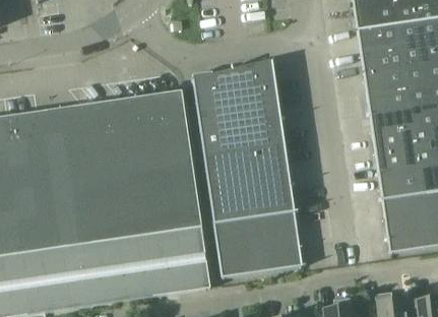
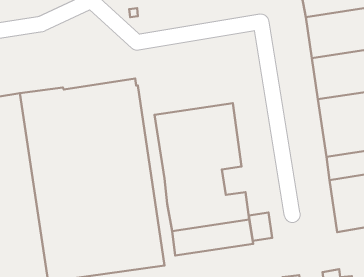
building: [192,58,281,129] -> none
building: [270,183,295,212] -> [249,212,272,241]

